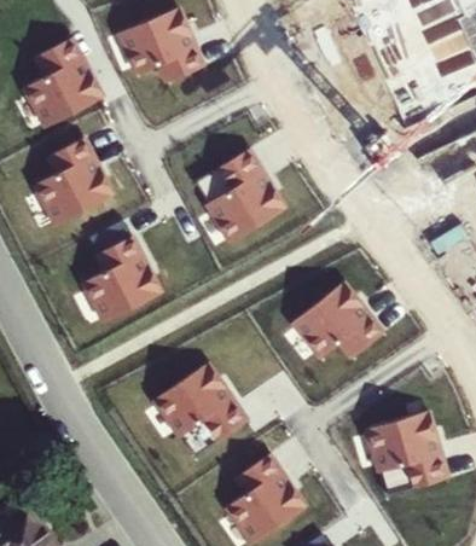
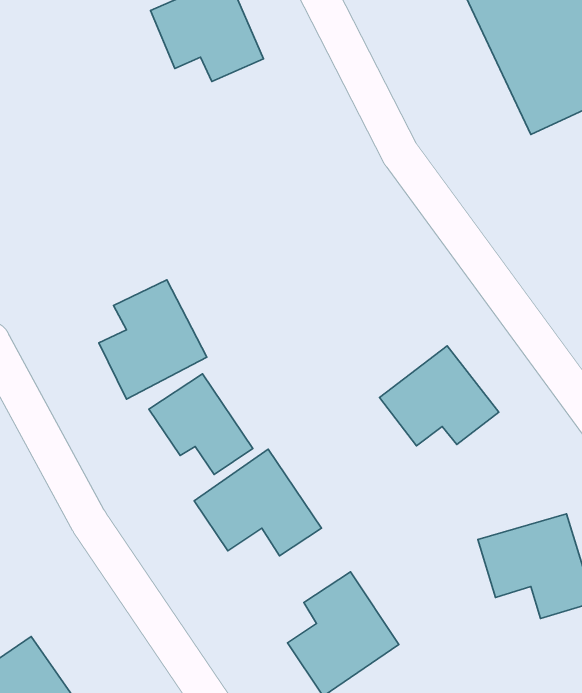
building: [21,35,103,127] -> none
building: [31,136,112,223] -> none
building: [197,149,283,243] -> none
building: none -> [149,374,253,474]

